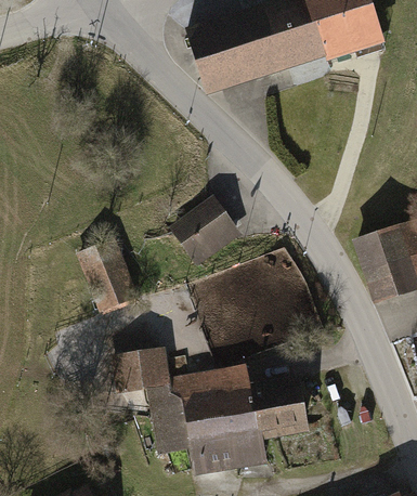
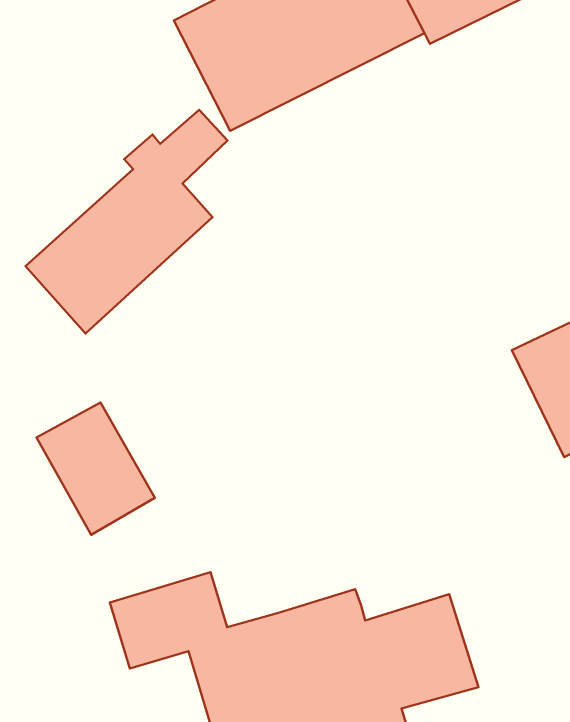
building: none -> [25,110,228,333]
building: [169,198,239,266] -> none

